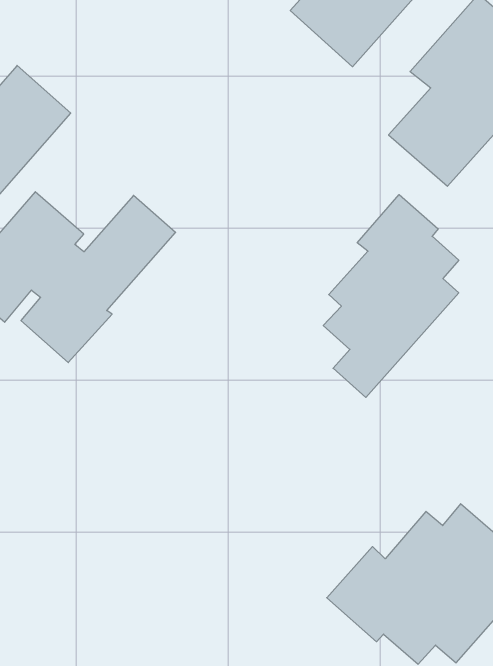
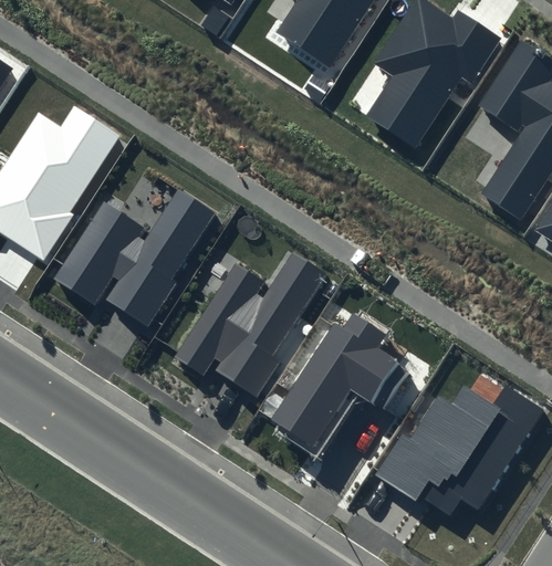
building: [323,195,459,397] -> none
building: none -> [176,252,325,396]
building: none -> [270,314,410,449]

